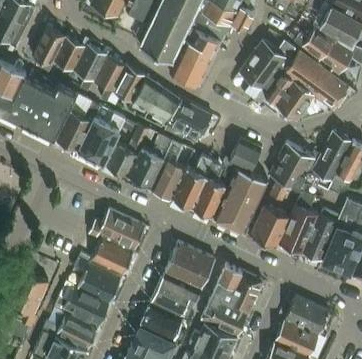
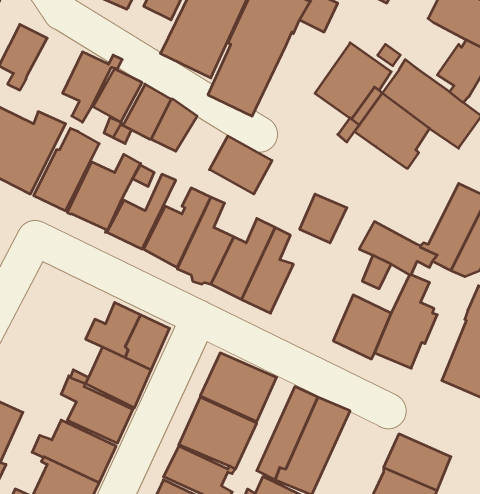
building: [294,27,338,61] -> none
building: [53,38,84,72] -> none
building: [148,88,178,128] -> none
building: [278,143,314,172] -> none
building: [213,167,267,232] -> none
building: [302,208,339,260] -> none

